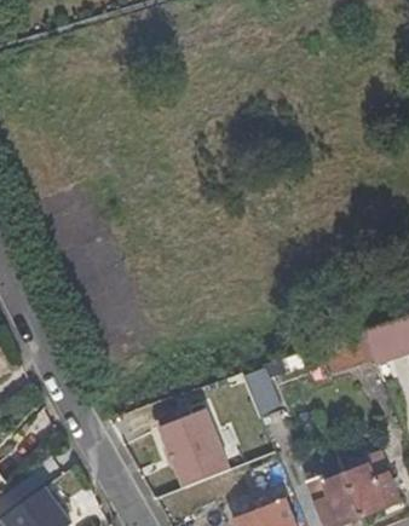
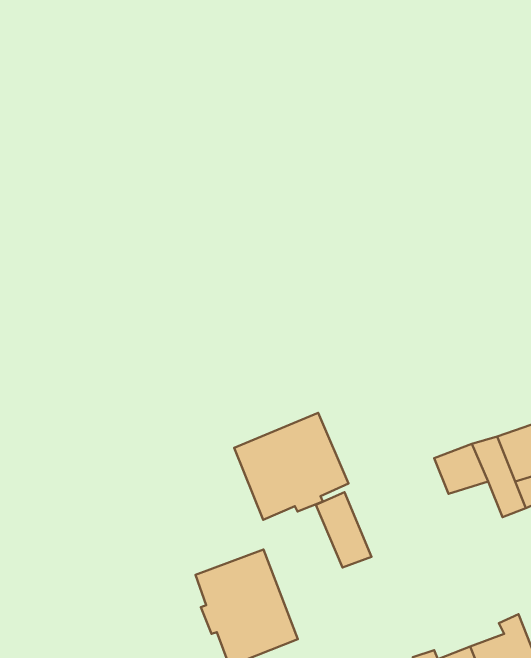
building: none -> [234,413,348,520]

